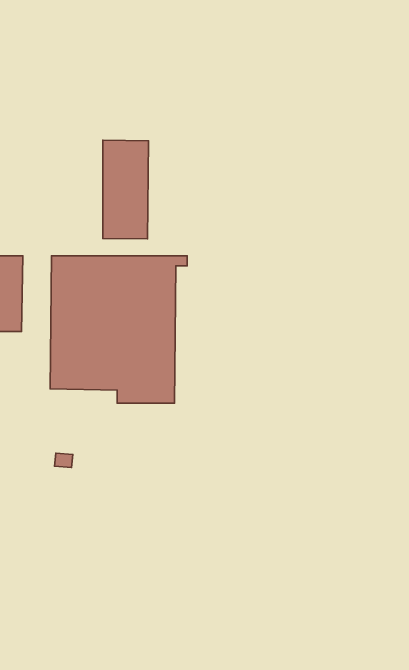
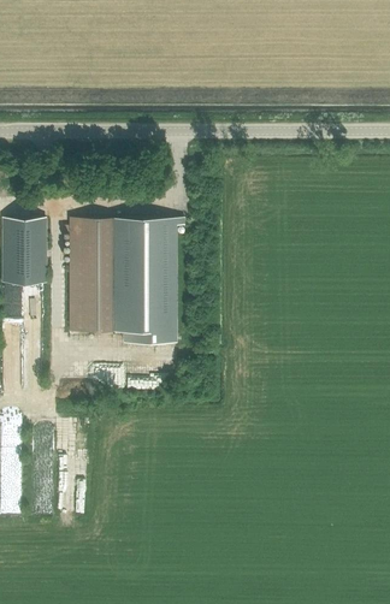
building: [103,140,149,239] -> none

